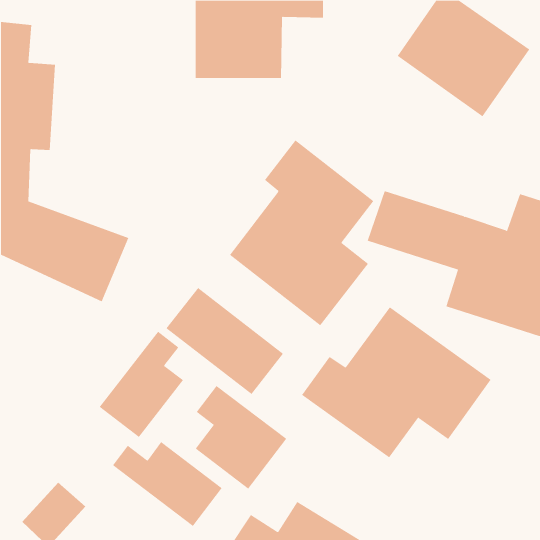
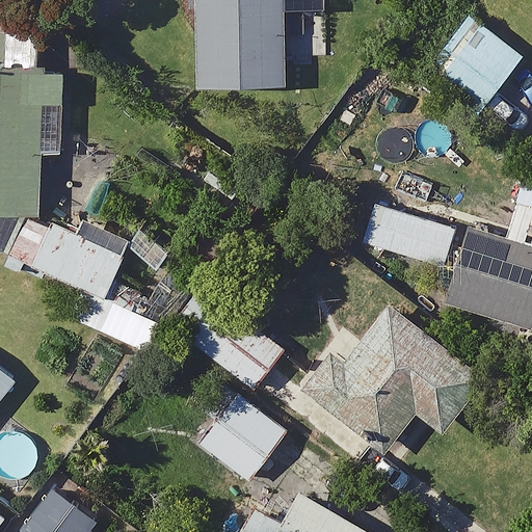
building: [229,140,374,326] -> none
building: [99,331,184,438] -> none
building: [112,441,222,527] -> none

